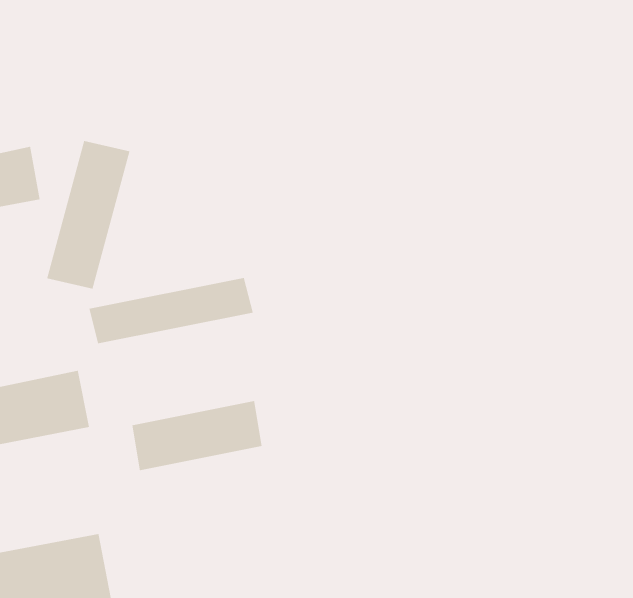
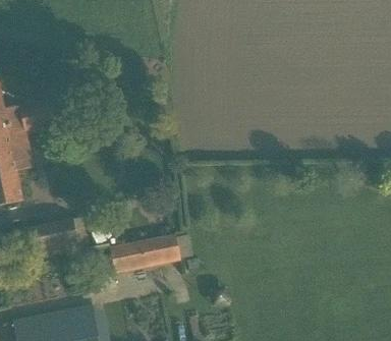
building: [46,140,130,290] -> none
building: [89,277,253,344] -> none

